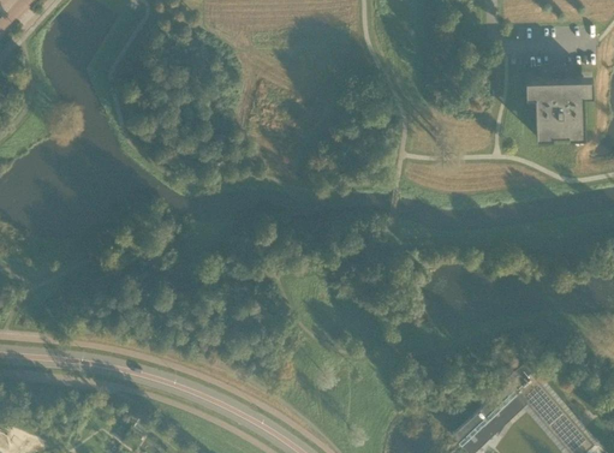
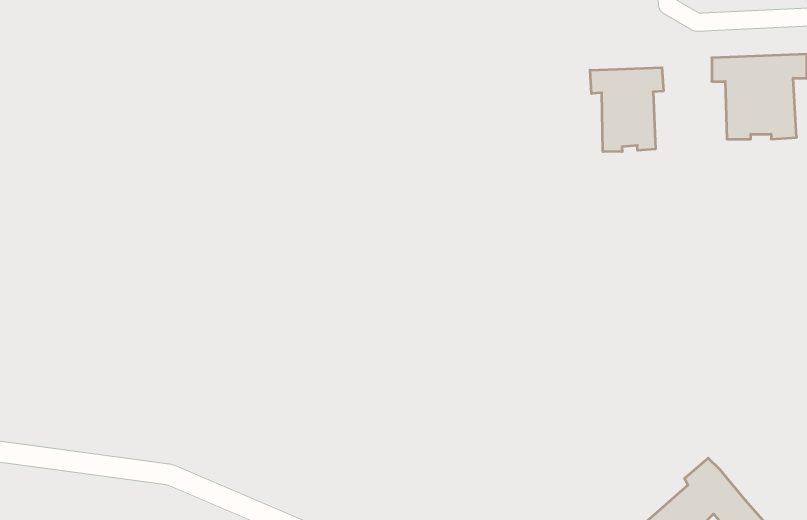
building: none -> [590,68,663,152]

